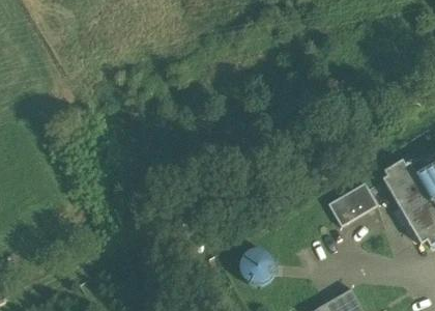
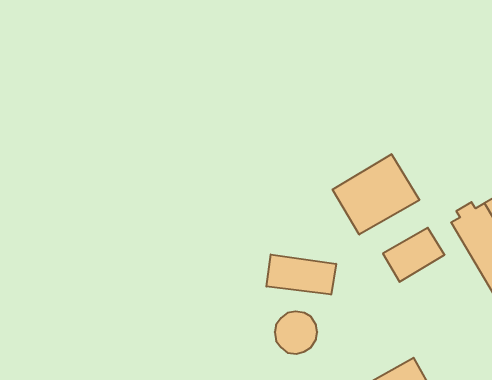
building: none -> [333,154,419,235]
building: none -> [266,254,336,295]

